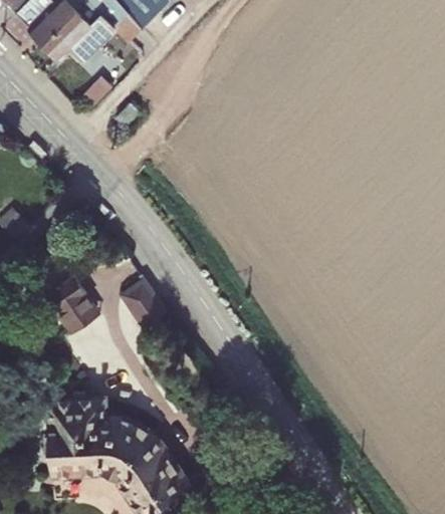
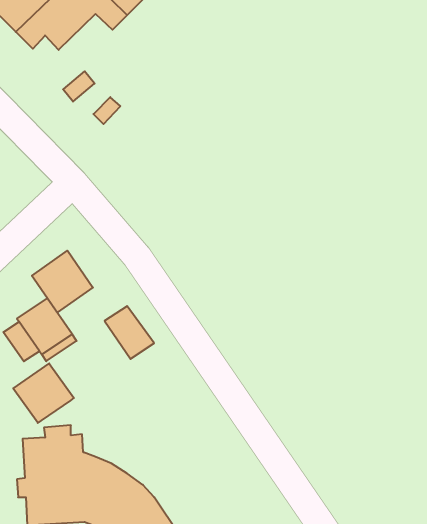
building: none -> [32,251,93,313]
building: none -> [13,363,74,423]

